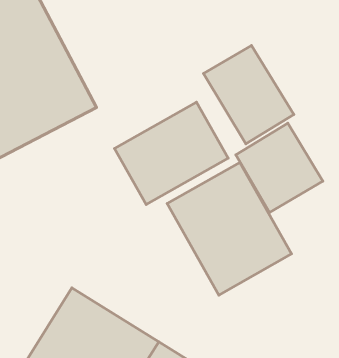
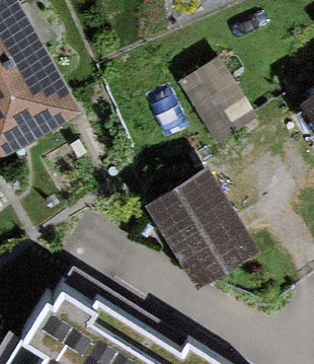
building: [114,102,228,204] -> none
building: [236,123,323,213] -> none

